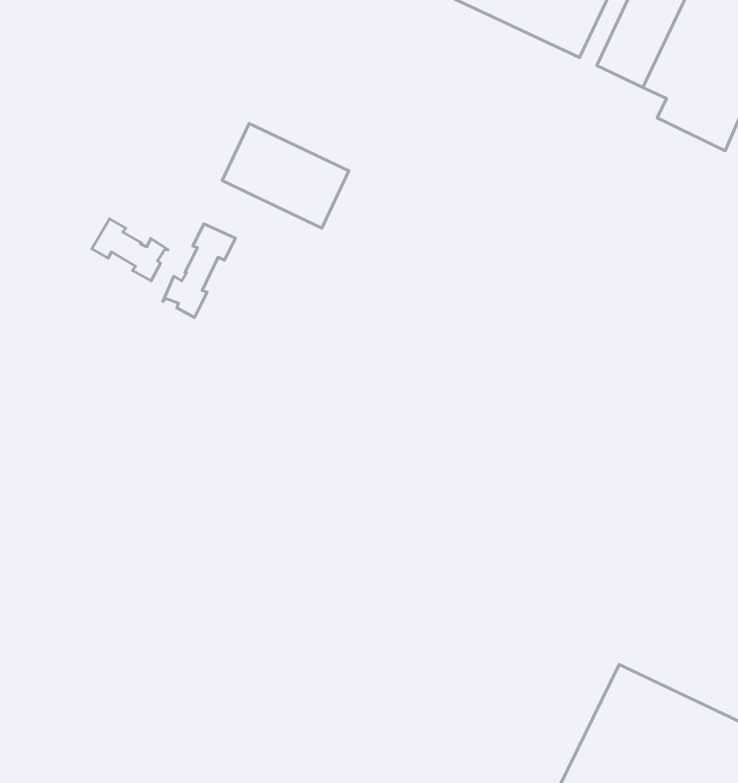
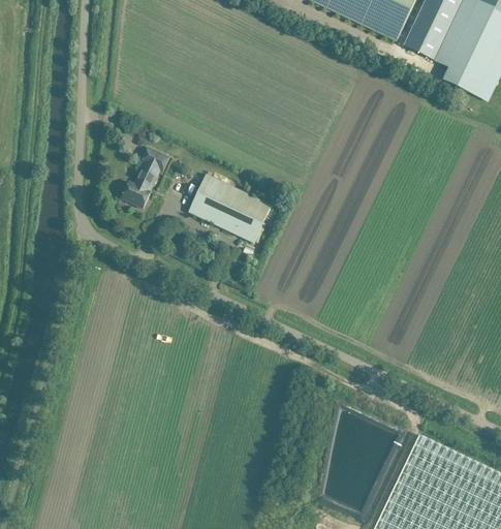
building: [222,123,349,228] -> [189,175,272,243]
building: [92,219,168,281] -> none

